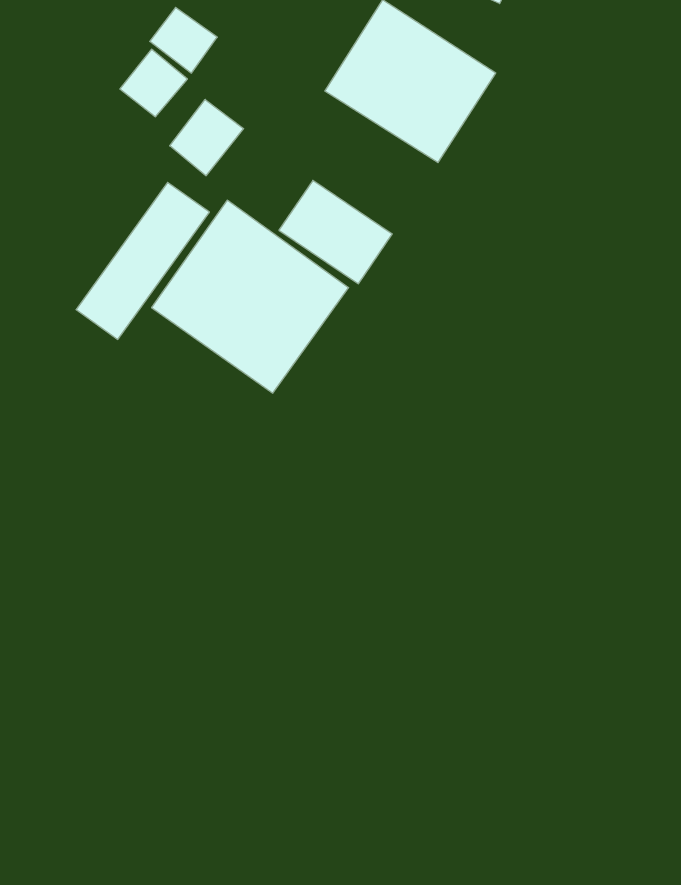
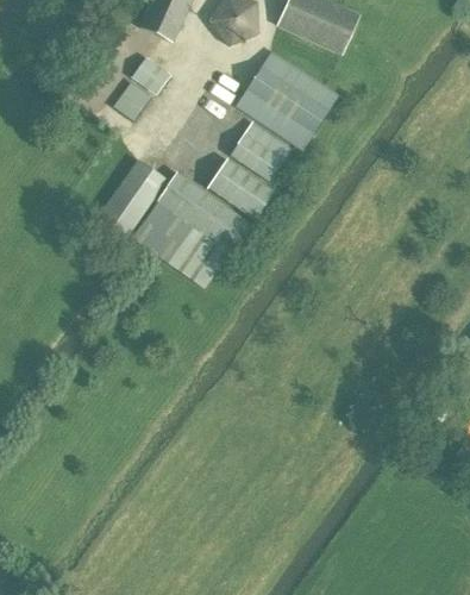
building: [170,99,244,176] -> none
building: none -> [230,120,293,181]

